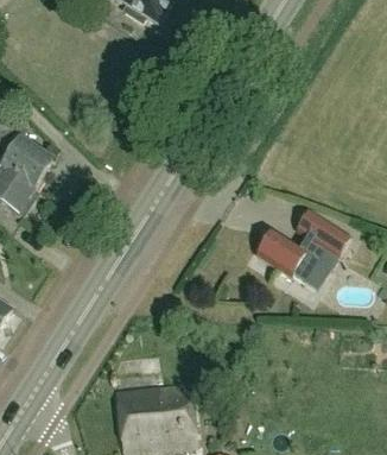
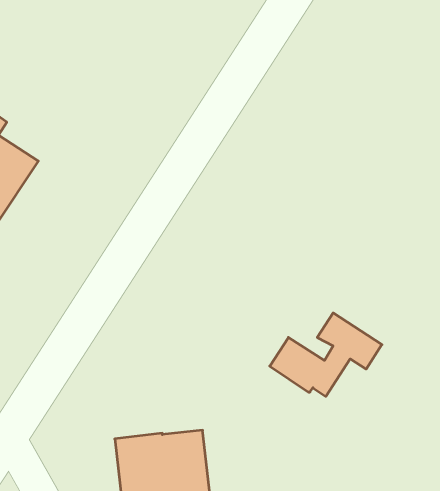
building: [259,210,351,279] -> [270,313,382,396]

